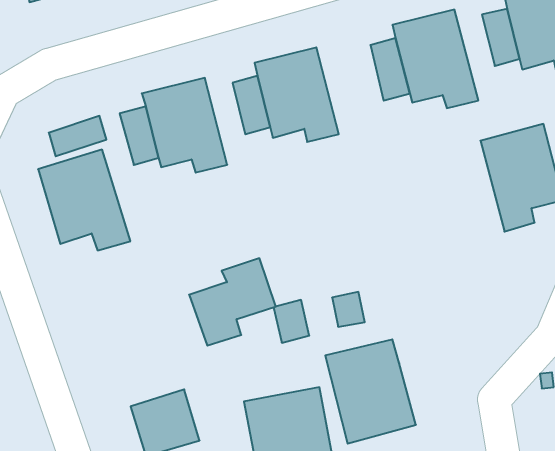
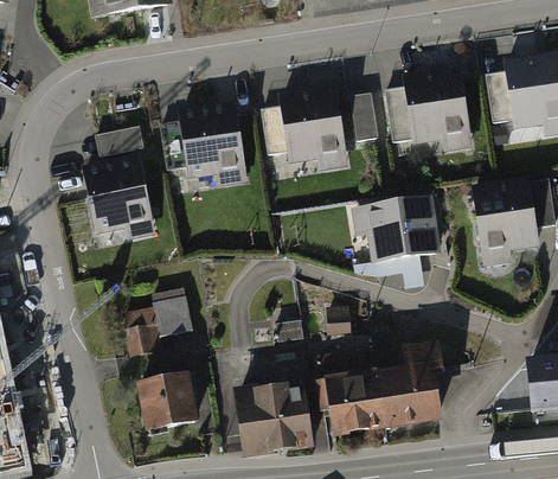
building: none -> [348,91,378,141]
building: none -> [352,193,435,261]
building: [189,258,276,346] -> [118,287,193,358]
building: none -> [378,339,438,426]

